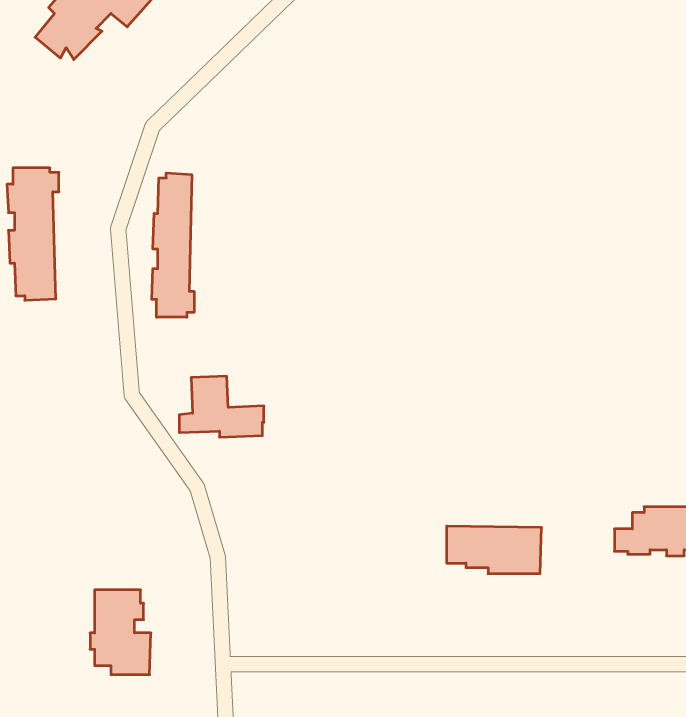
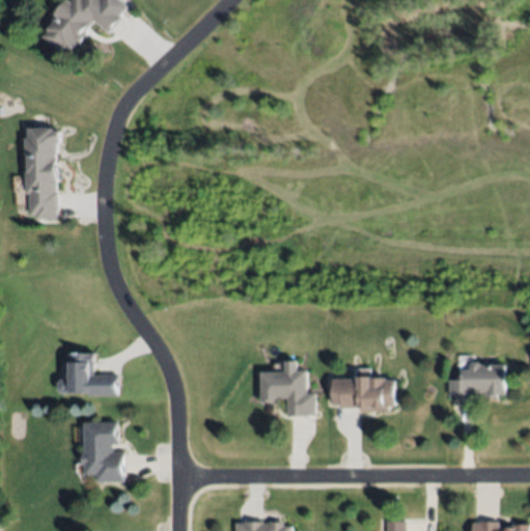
building: [152,173,194,317] -> none
building: [179,376,264,437] -> [59,353,118,395]
building: none -> [260,361,315,417]

